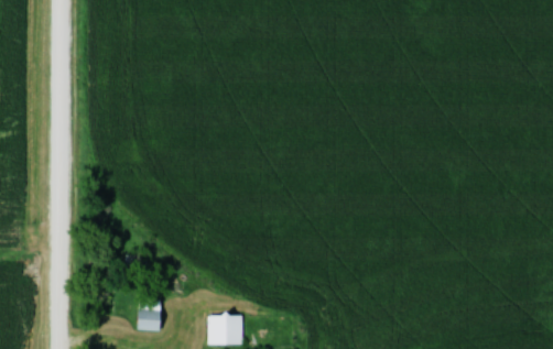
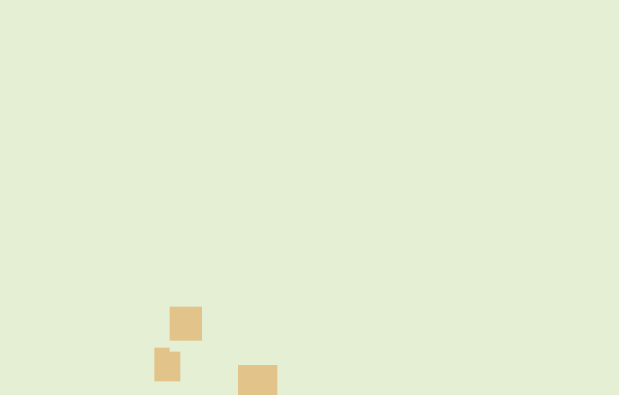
building: none -> [169,306,203,341]

